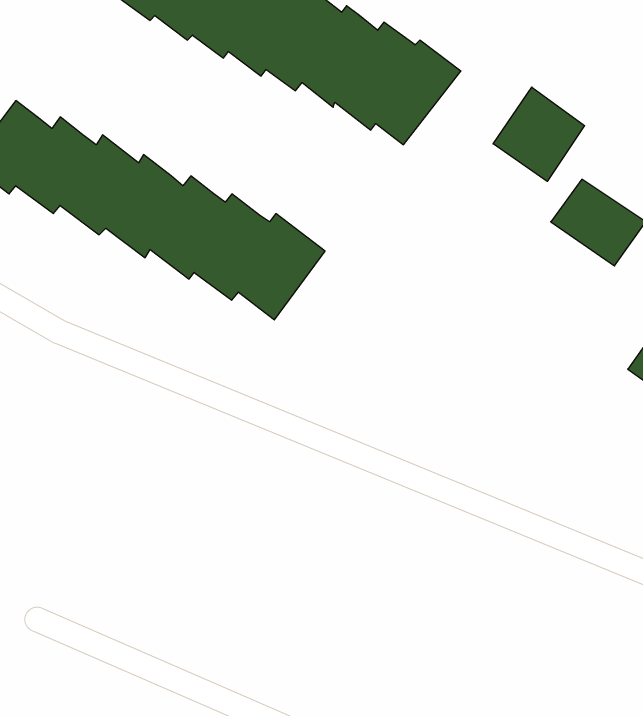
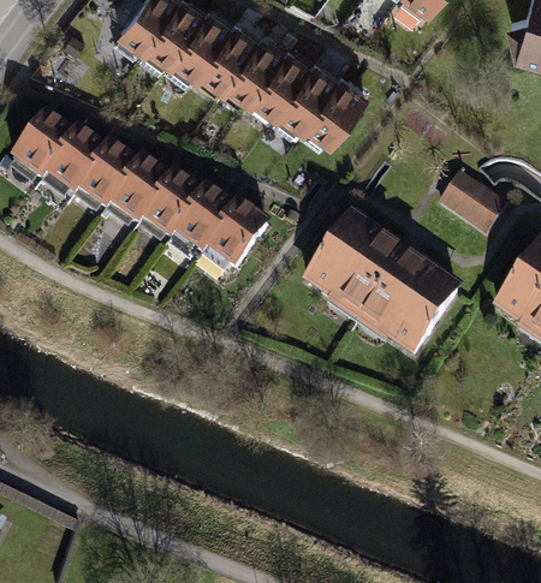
building: [493,87,585,181] -> none
building: none -> [304,212,460,357]

